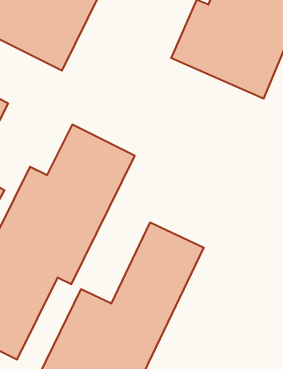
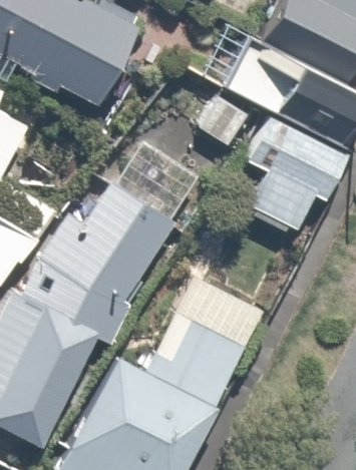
building: none -> [250,116,342,237]

